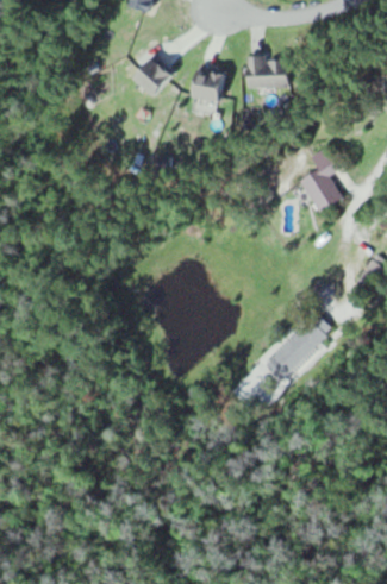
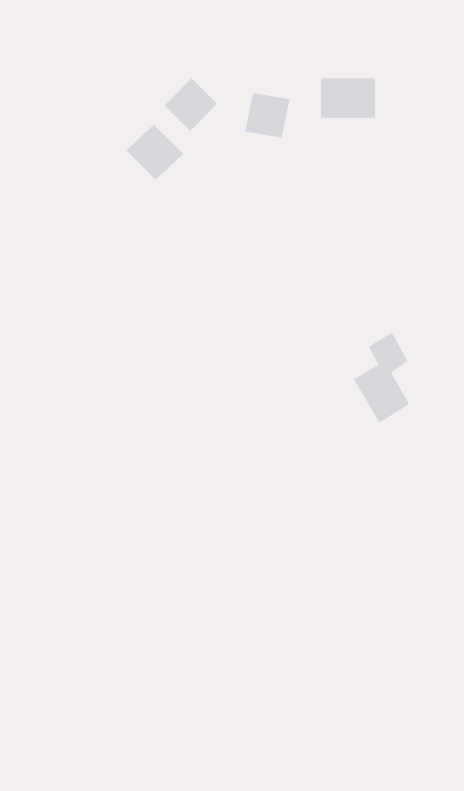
building: none -> [125,124,184,181]
building: [298,147,339,214] -> [353,332,410,424]

